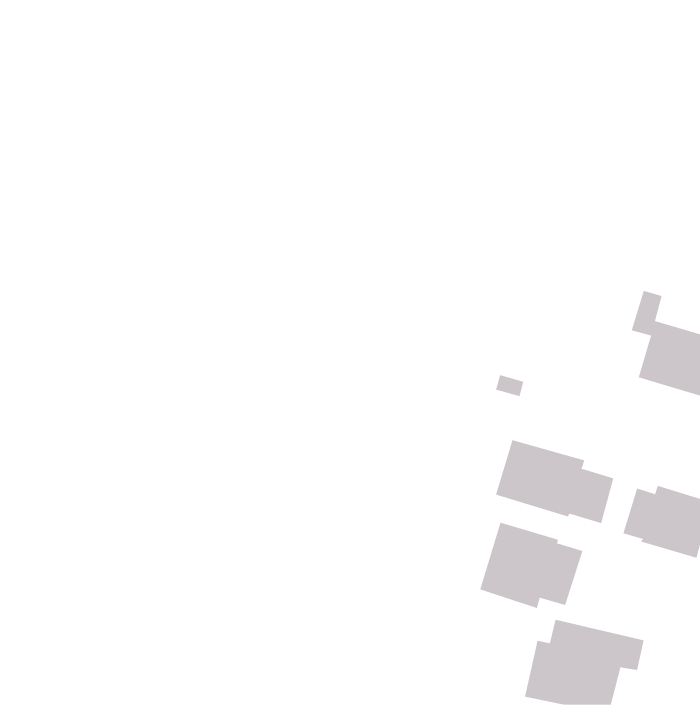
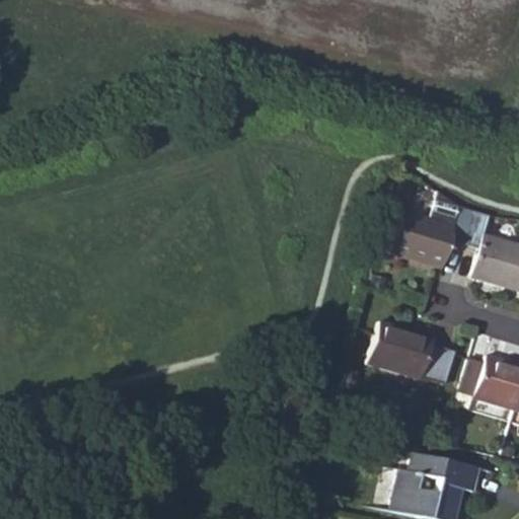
building: none -> [392,192,476,268]
building: [480,522,583,609] -> none

